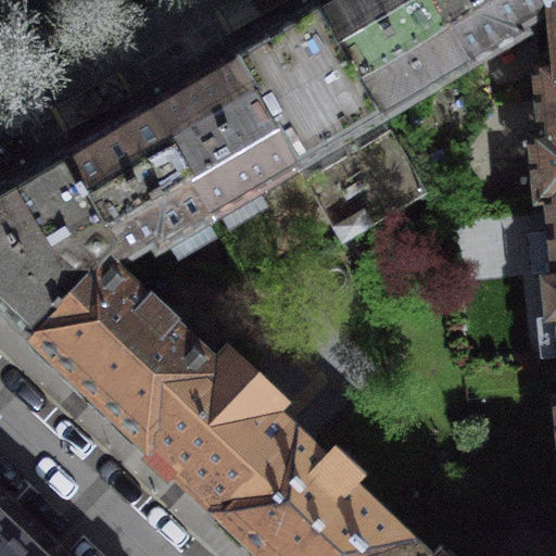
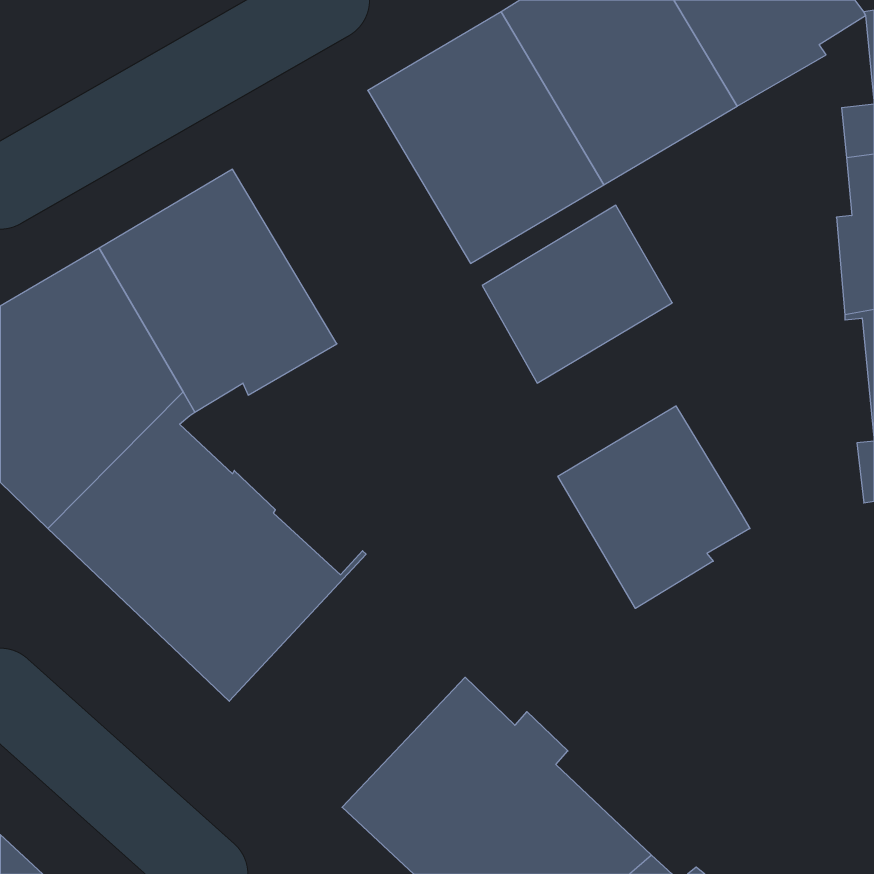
building: [148,58,299,218] -> none
building: none -> [558,406,750,608]
building: [146,352,295,513] -> none

